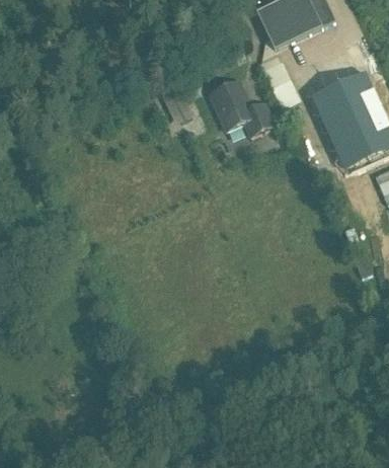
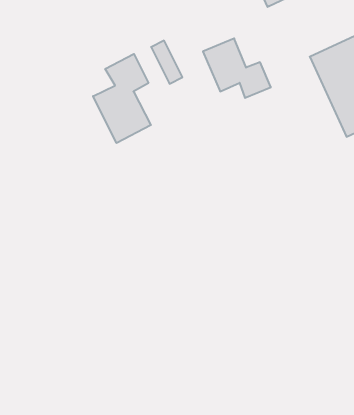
building: none -> [93,54,151,143]

